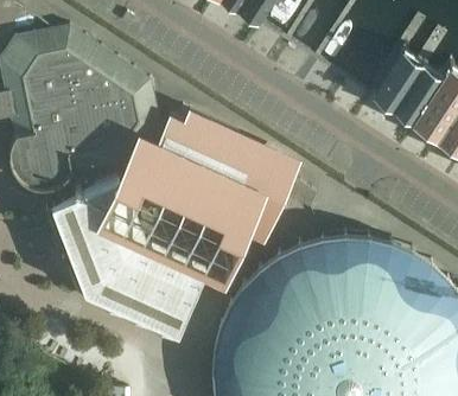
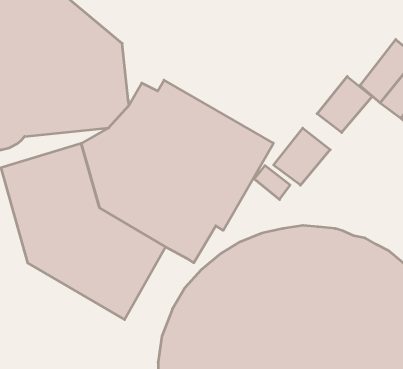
building: none -> [317,76,372,133]
building: none -> [274,128,330,185]

